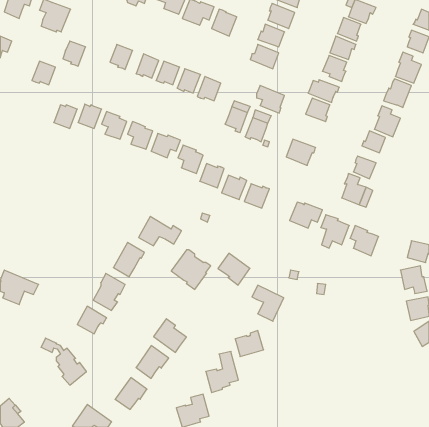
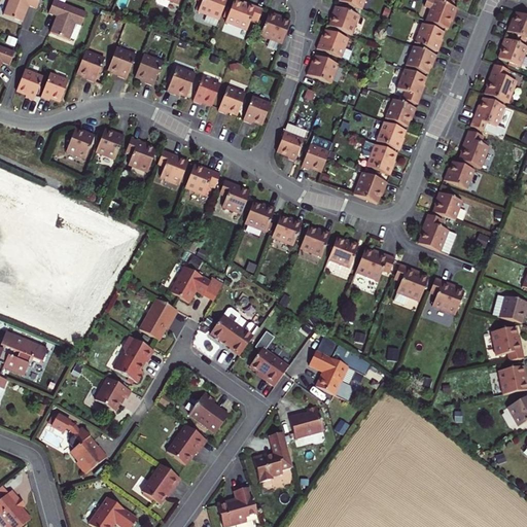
building: none -> [108,46,136,78]
building: none -> [15,69,43,101]
building: [257,85,284,113] -> [361,140,395,174]
building: none -> [328,237,359,267]
building: [218,253,250,285] -> [249,347,288,386]

